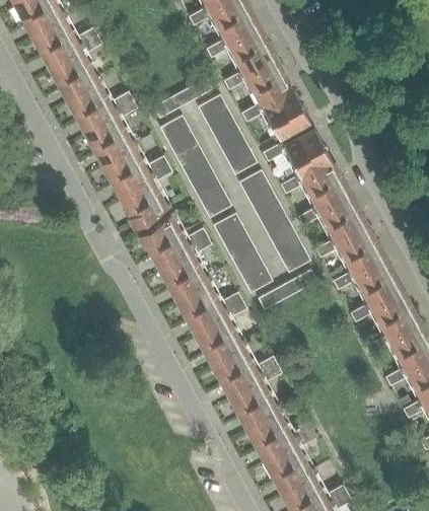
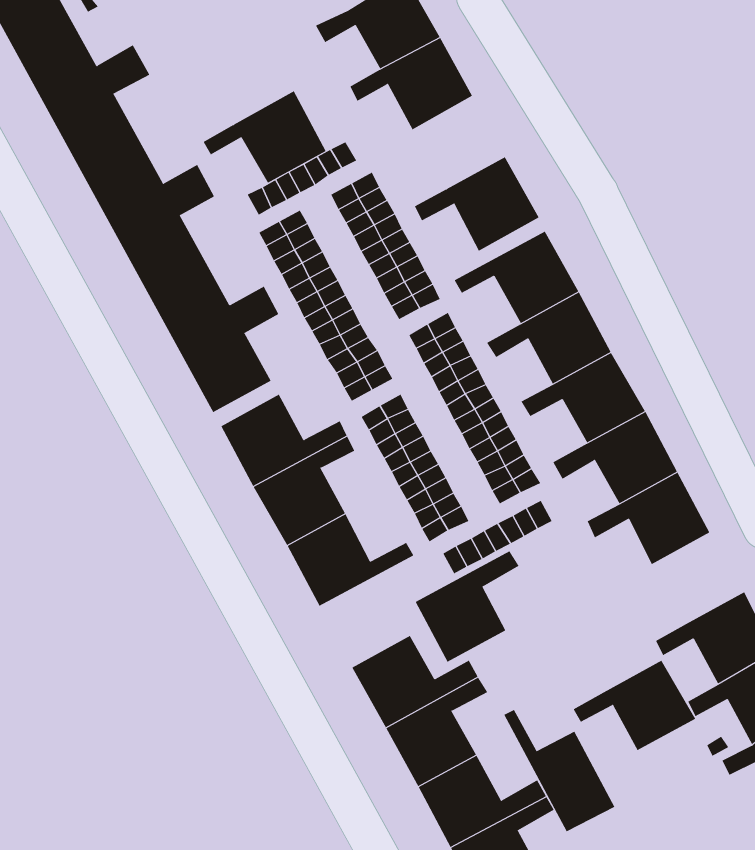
building: [224,55,290,104] -> [203,90,326,183]
building: [352,288,418,337] -> [573,660,696,751]
building: [191,300,246,360] -> [415,551,519,663]
building: none -> [504,709,615,832]

